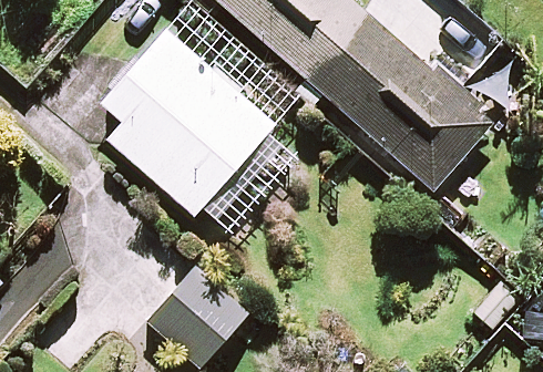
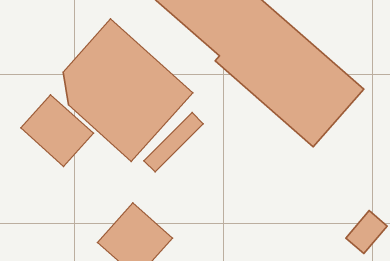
building: none -> [21,95,93,167]

